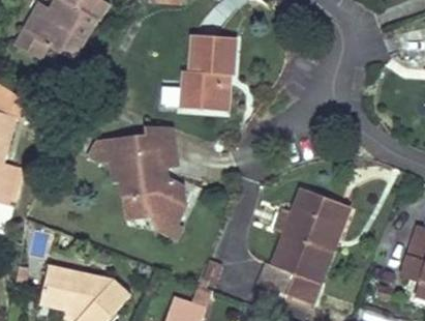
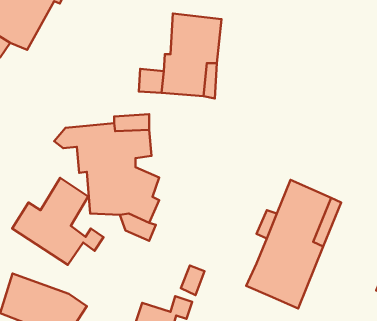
building: none -> [12,178,104,265]

